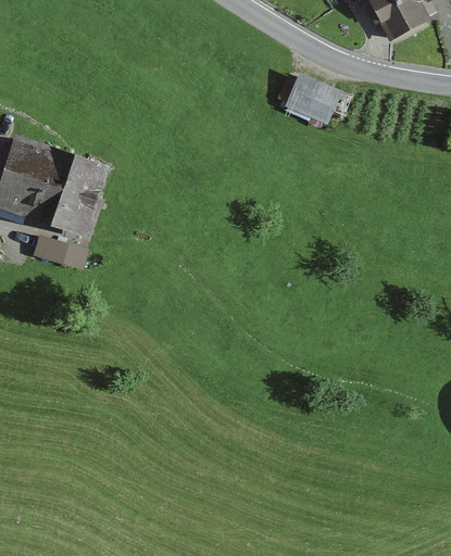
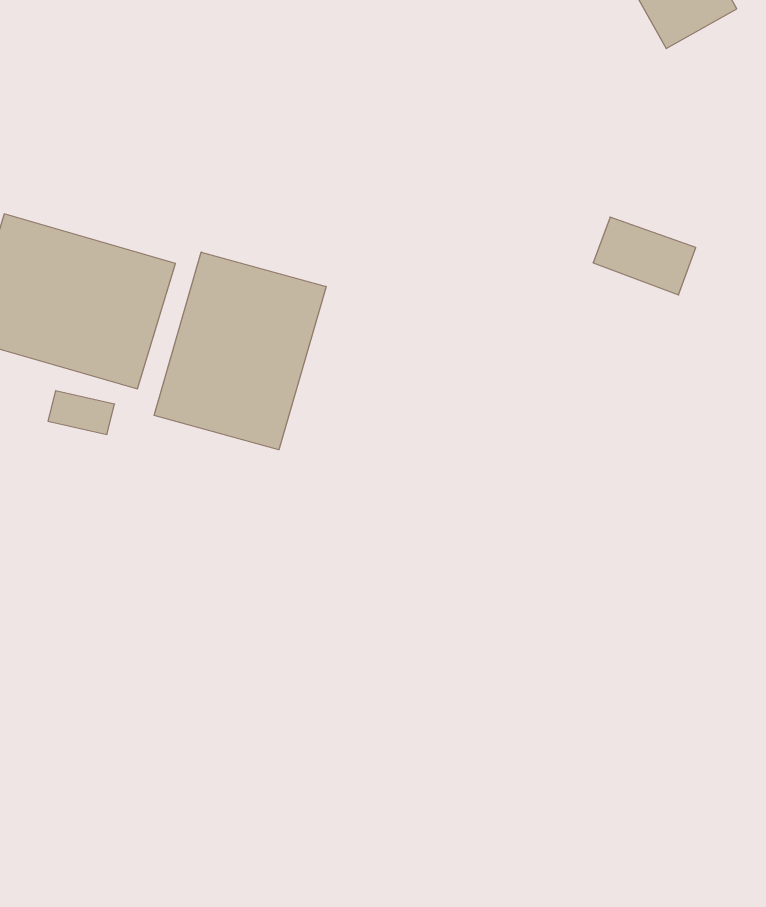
building: [289,74,348,118] -> [593,217,696,295]
building: none -> [154,252,326,450]

